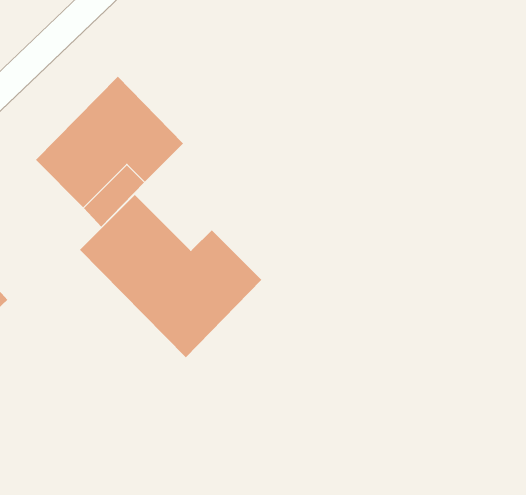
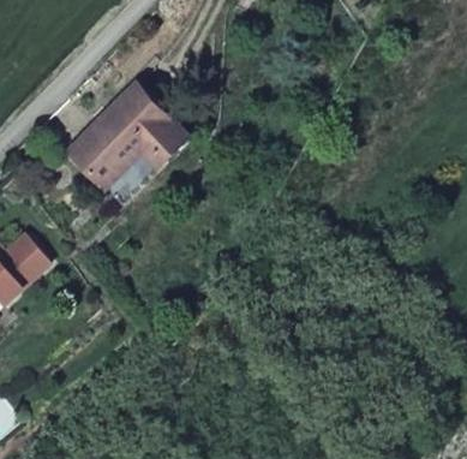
building: [79,194,262,358] -> none

